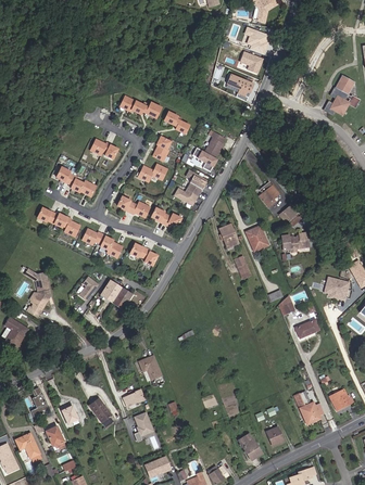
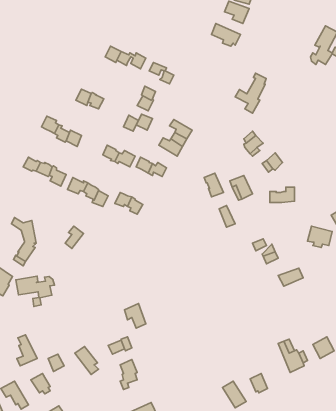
building: [192,131,224,171] -> [235,73,266,113]
building: [100,280,131,309] -> none
building: none -> [16,276,55,307]

